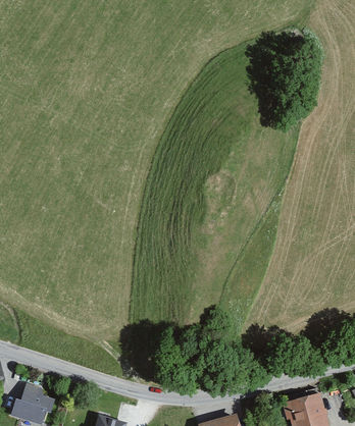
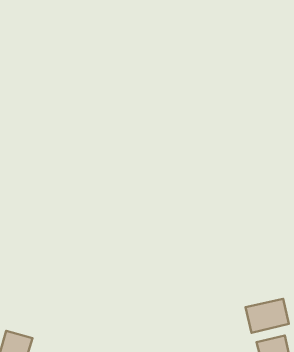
building: none -> [245,299,289,333]

